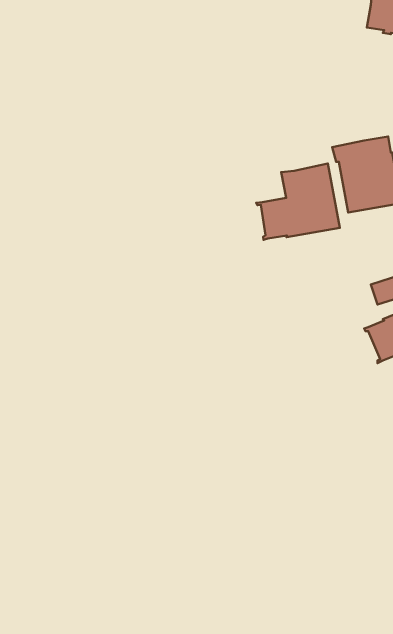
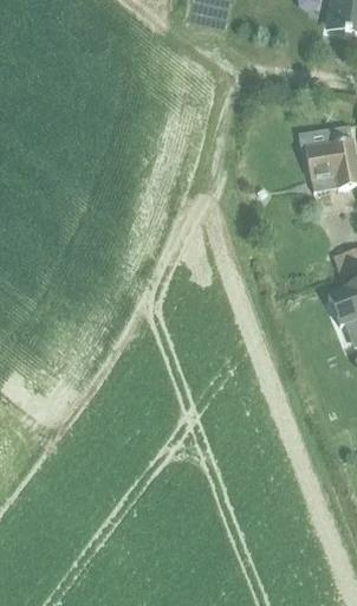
building: [256,164,340,240] -> none

